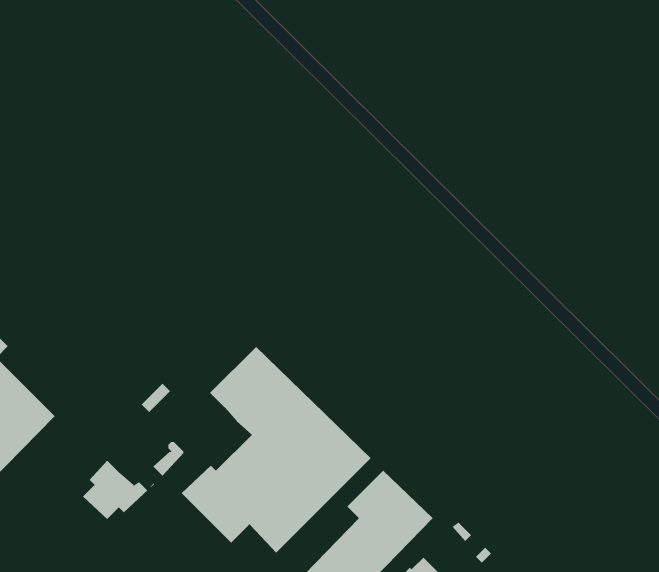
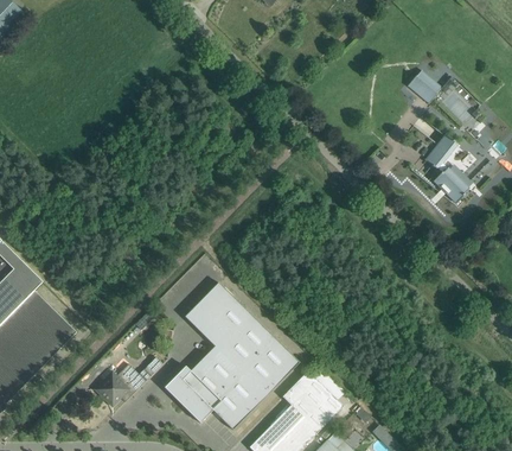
building: none -> [407,70,441,104]
building: none -> [423,133,468,203]

